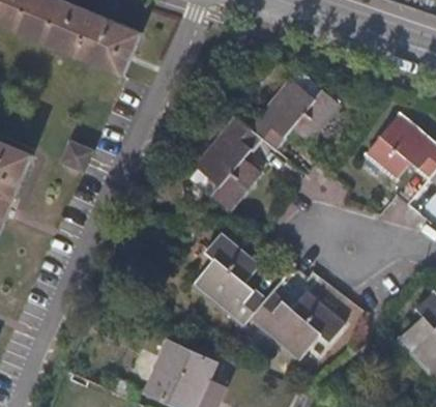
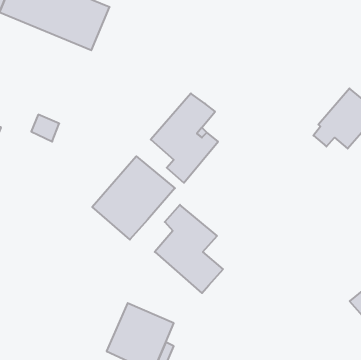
building: [246,81,338,152] -> none
building: none -> [92,156,175,240]
building: [251,295,342,361] -> none

